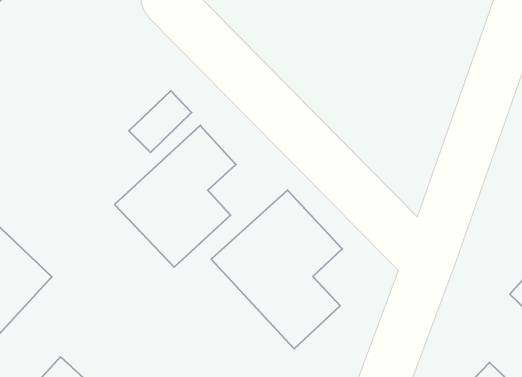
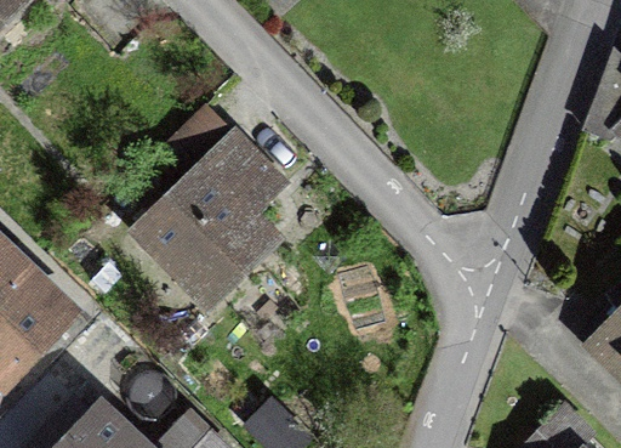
building: [211,190,342,349] -> none

